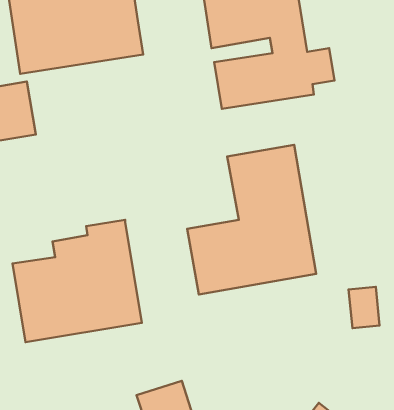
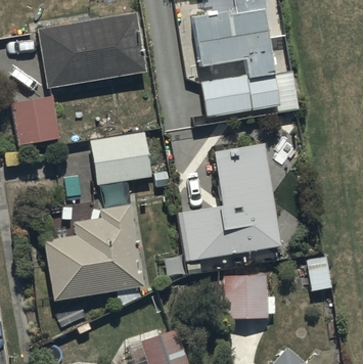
building: none -> [90,131,152,196]
building: none -> [222,275,276,319]

